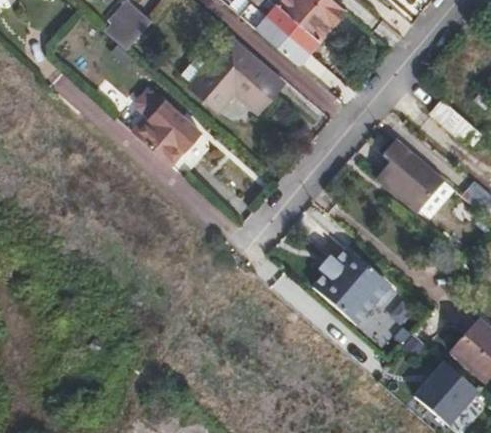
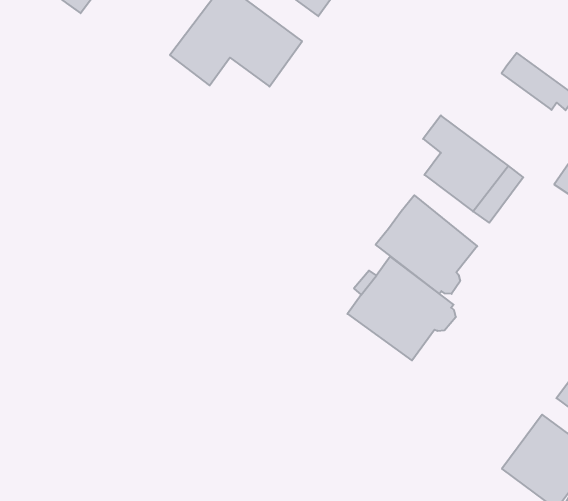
building: [133,96,203,164] -> none
building: none -> [376,195,477,294]

